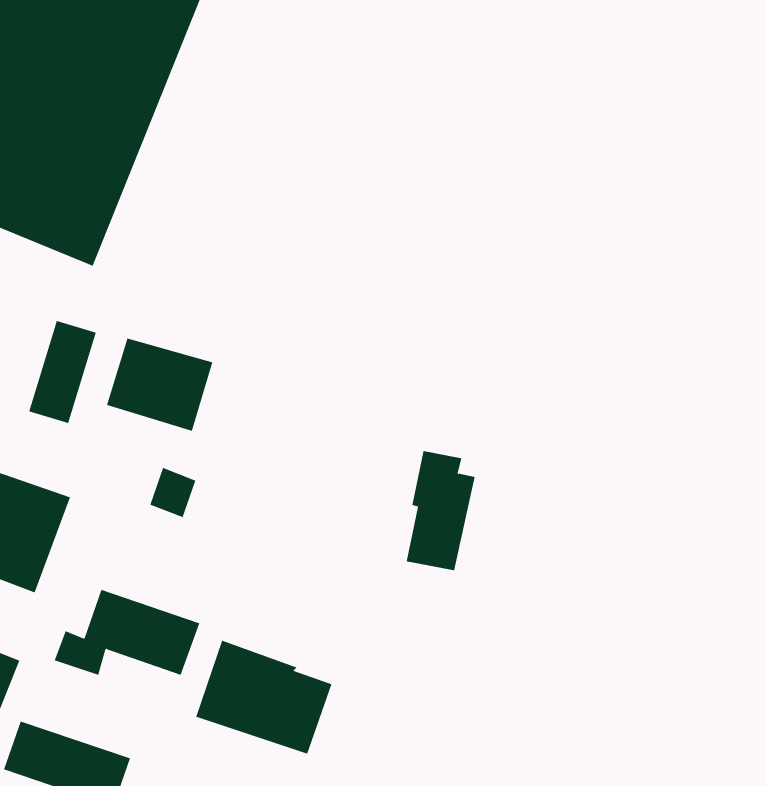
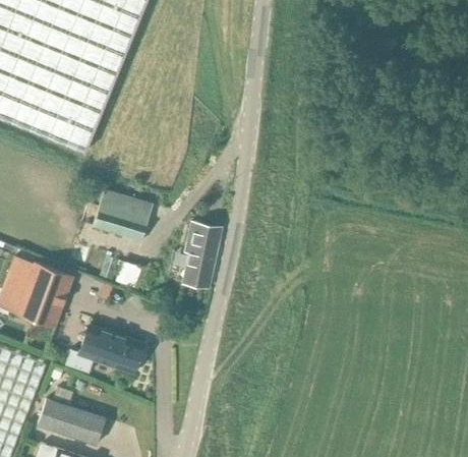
building: [29,320,96,424] -> none
building: [406,451,475,571] -> [182,221,220,286]
building: [196,640,332,755] -> none

